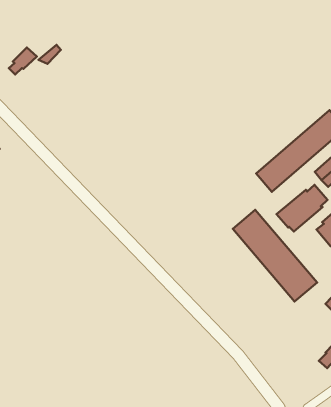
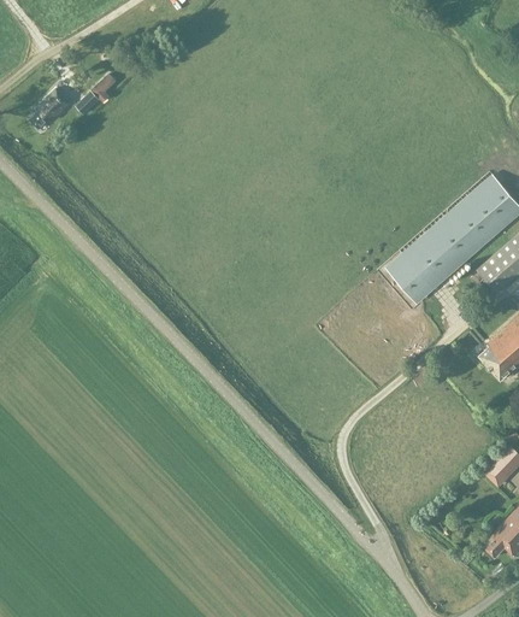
building: [276,185,328,231] -> none
building: [233,210,317,302] -> none

